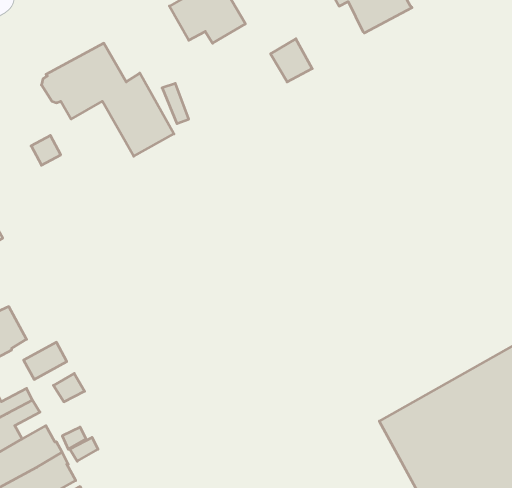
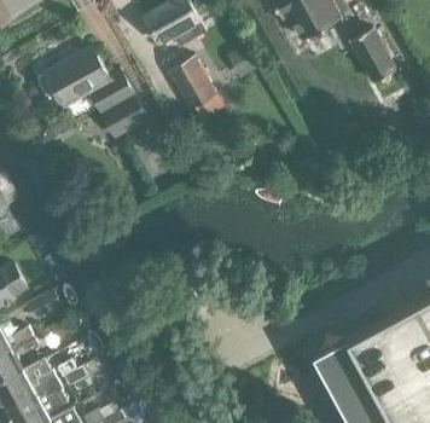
building: none -> [351,29,396,83]
building: none -> [169,56,217,110]

